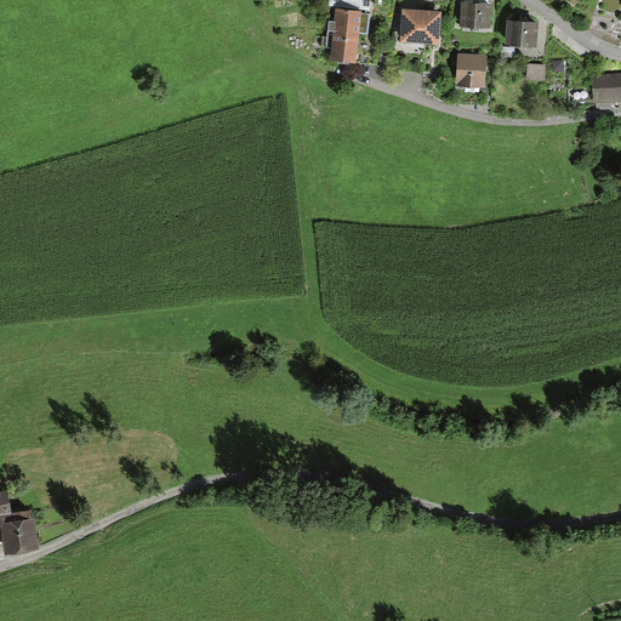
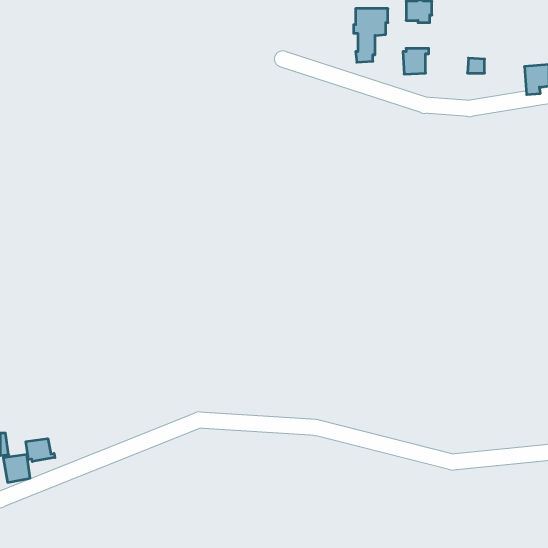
building: [324,10,375,61] -> none
building: [507,19,536,45] -> none
building: none -> [26,439,55,462]

